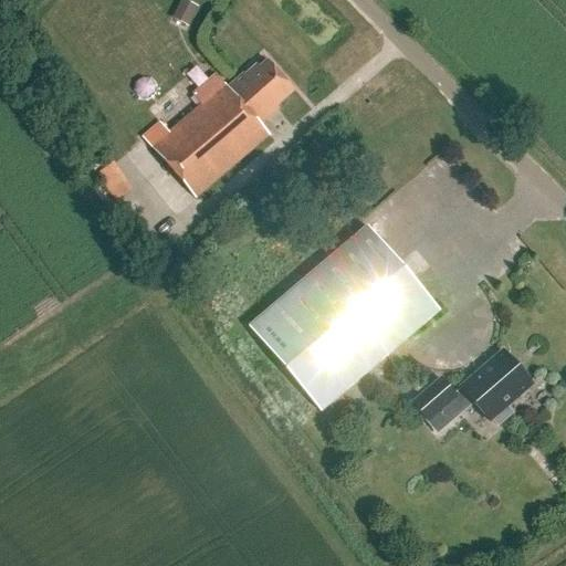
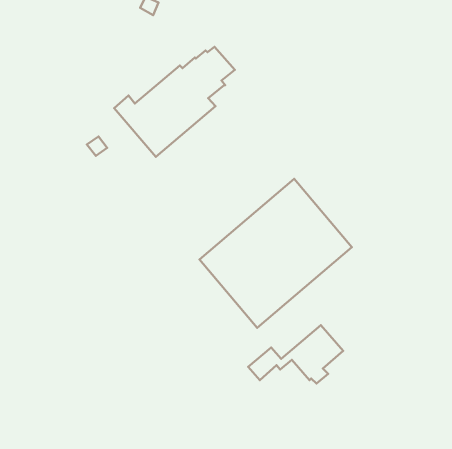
building: [413,349,532,422] -> [248,325,343,384]

